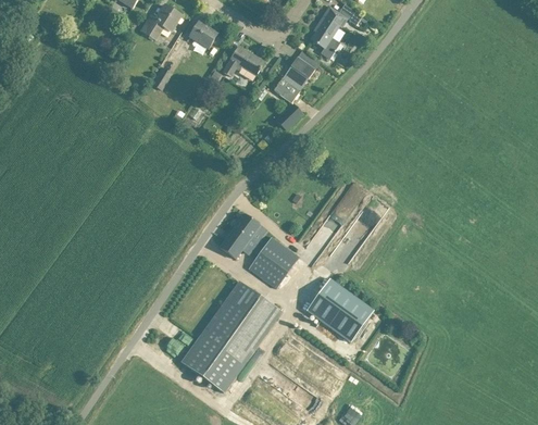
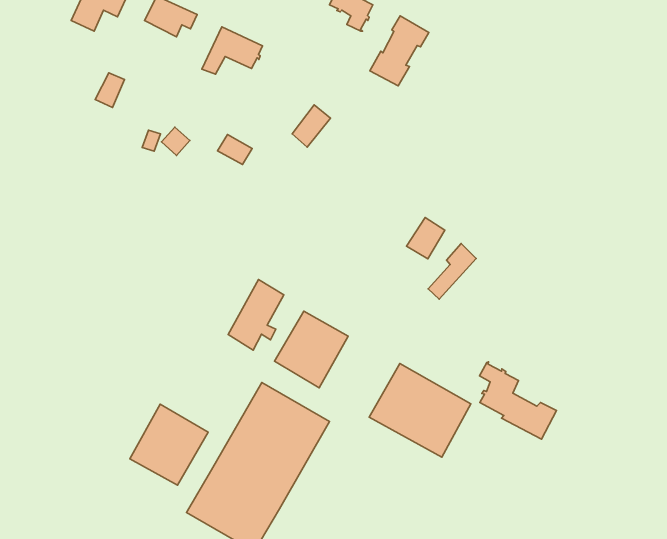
building: [273,57,314,102] -> [370,16,429,86]
building: none -> [480,362,557,439]
building: none -> [130,404,208,485]

